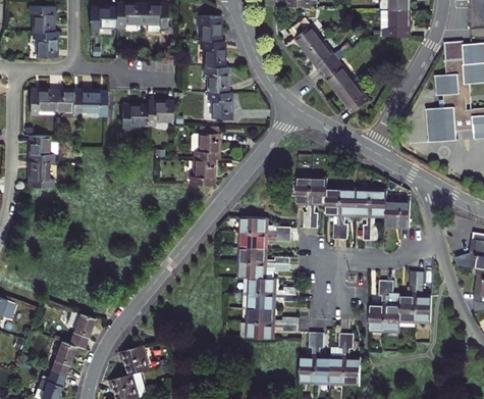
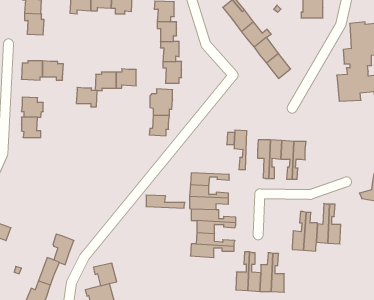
building: [80,92,107,116] -> [76,87,97,107]
building: [311,180,327,229] -> none
building: [385,202,410,229] -> none
building: [243,218,291,235] -> [146,195,185,208]

